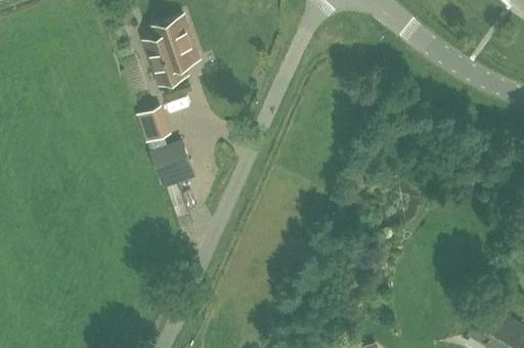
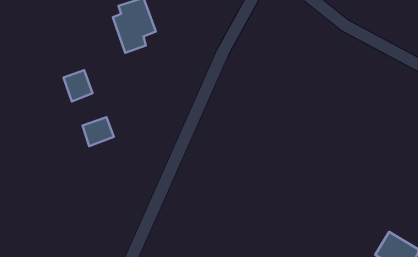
building: [142,104,178,143] -> [64,70,93,102]
building: [151,143,190,179] -> [82,117,114,146]

